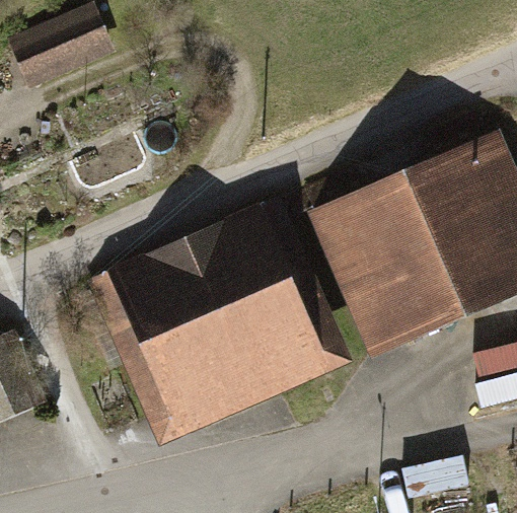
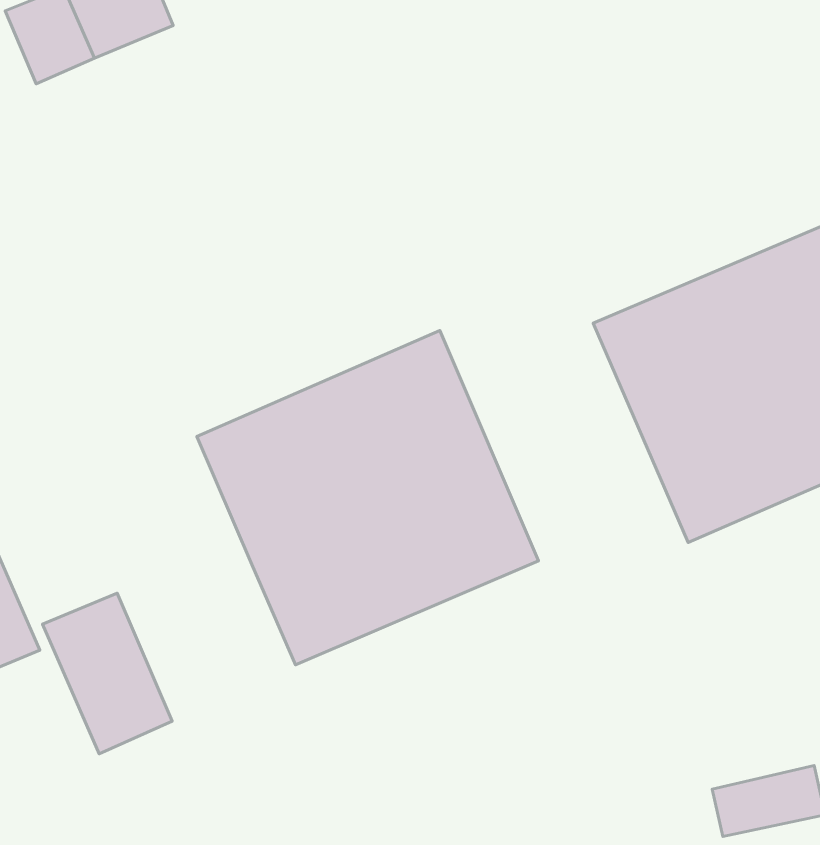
building: [80,279,152,368] -> [42,593,172,754]

